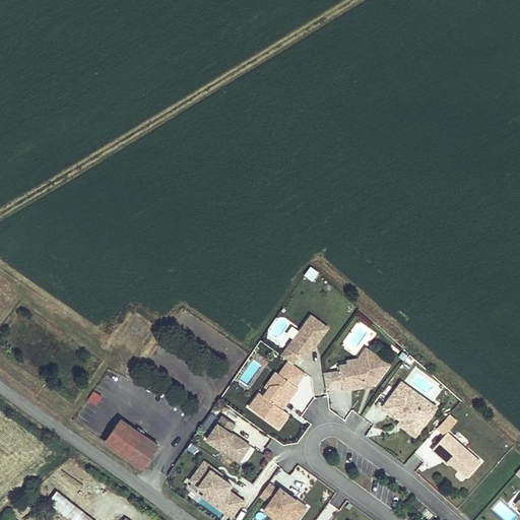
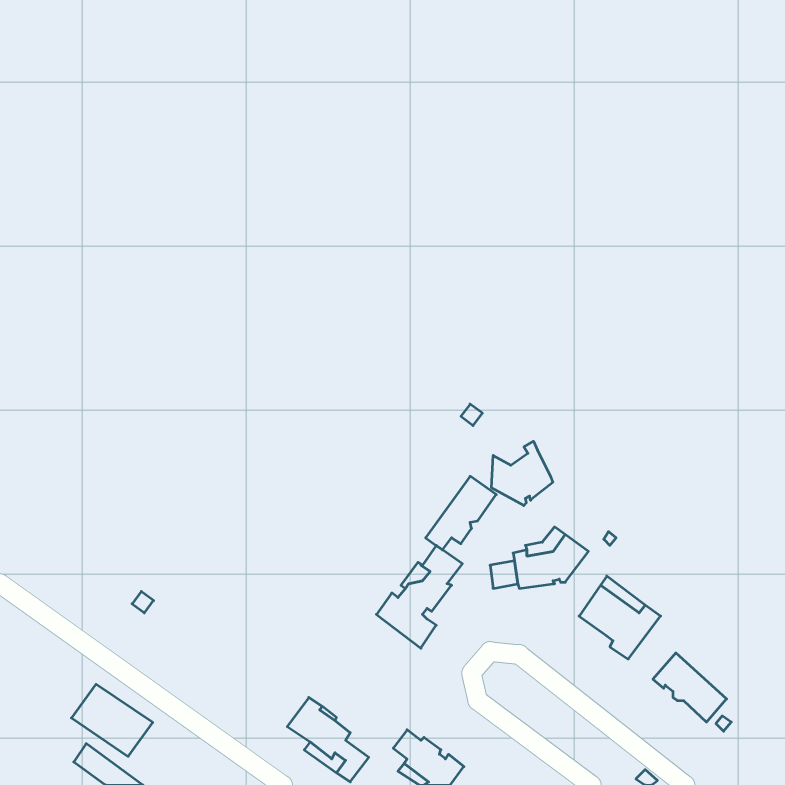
building: none -> [492,441,553,506]
building: [206,415,250,461] -> none
building: [105,419,158,467] -> [71,684,153,756]

